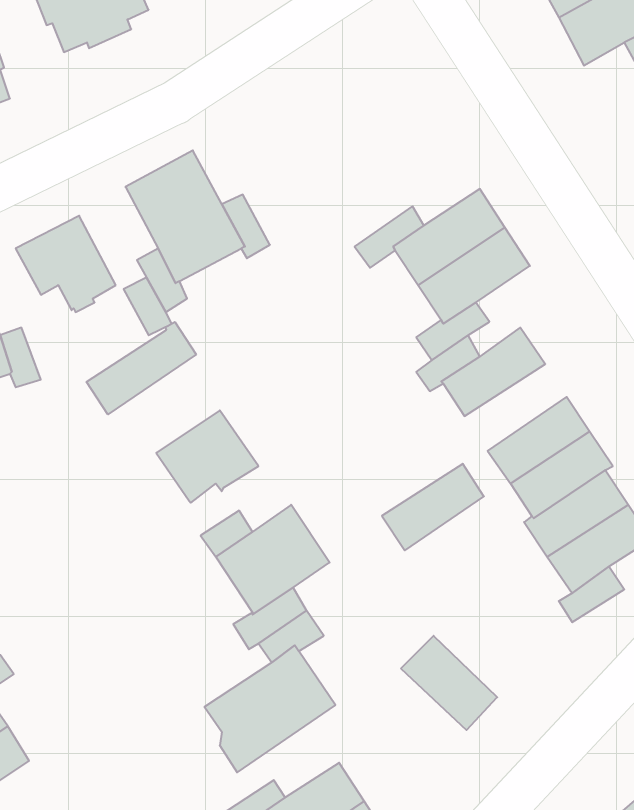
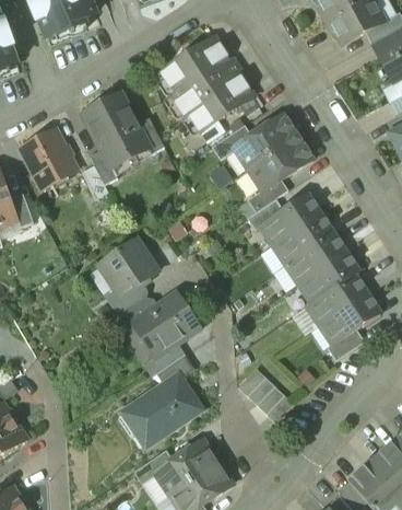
building: none -> [161,36,253,131]
building: [87,322,196,414] -> none
building: [382,464,484,550] -> [274,213,332,263]
building: none -> [107,281,146,315]

